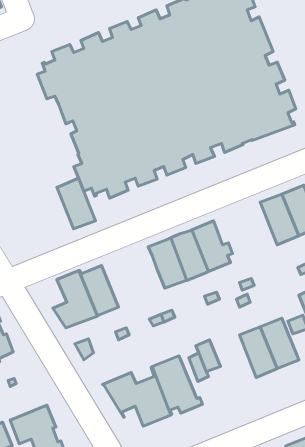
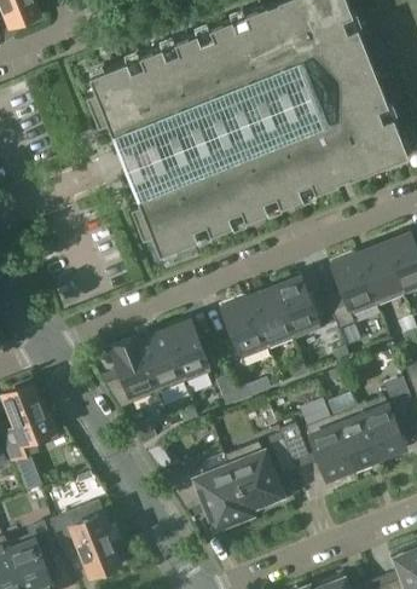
building: [57,178,95,229] -> [163,321,210,382]
building: none -> [325,254,377,329]
building: none -> [305,416,352,478]

